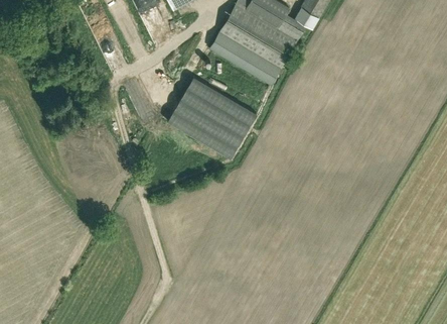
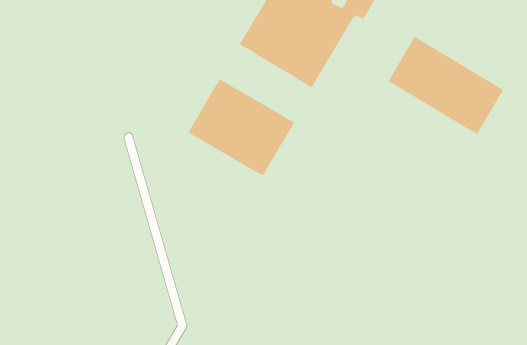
building: none -> [388,36,504,135]

